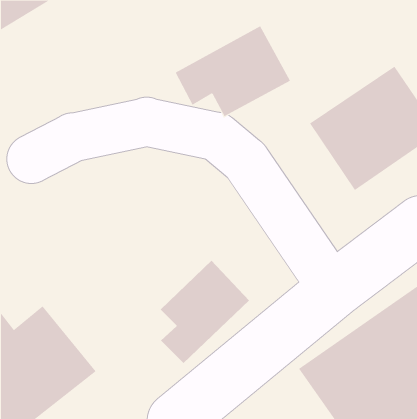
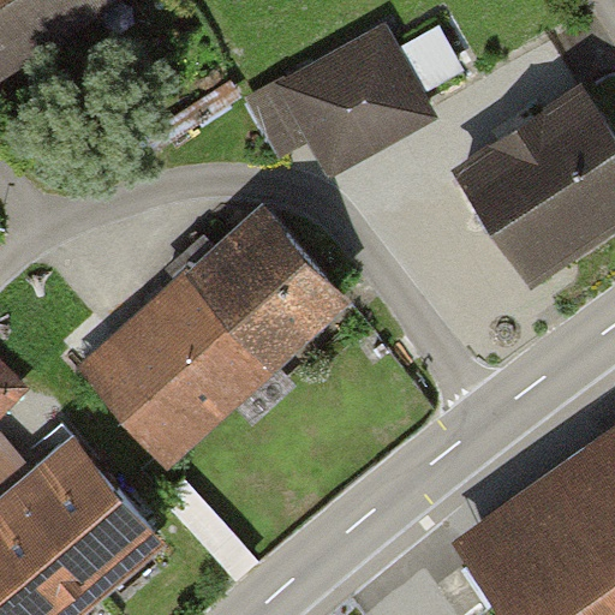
building: none -> [90,210,344,459]
building: [160,260,250,364] -> none

